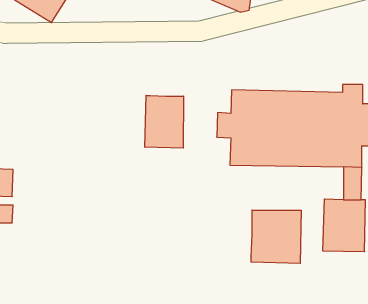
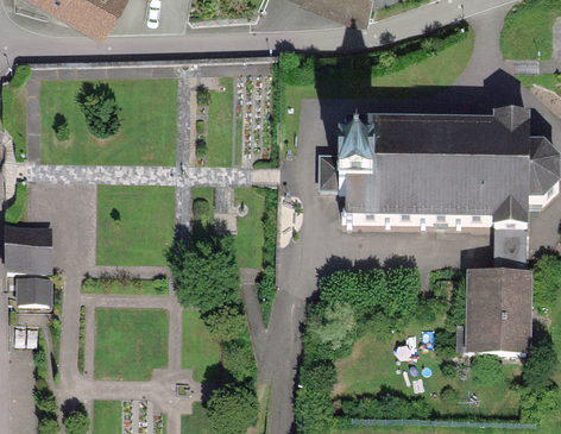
building: [145,95,184,148] -> none
building: [251,210,301,263] -> none

